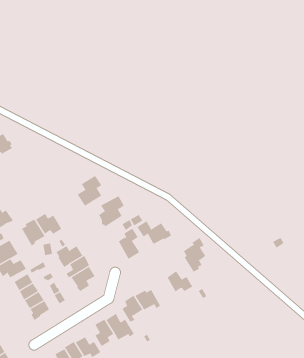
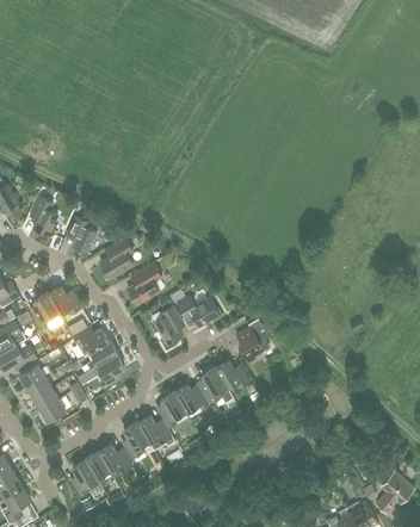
building: none -> [30,197,57,235]
building: none -> [68,216,97,253]
building: none -> [197,367,226,403]

